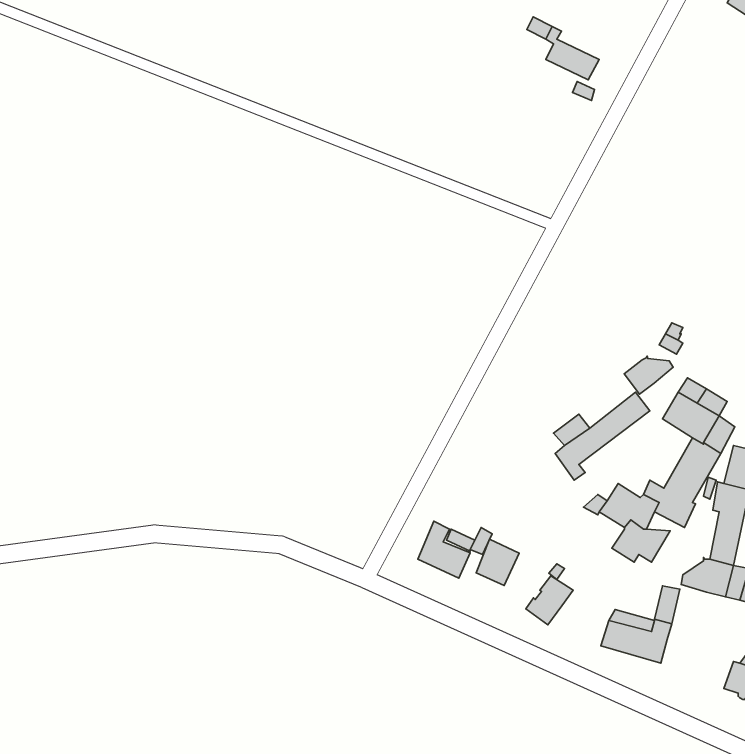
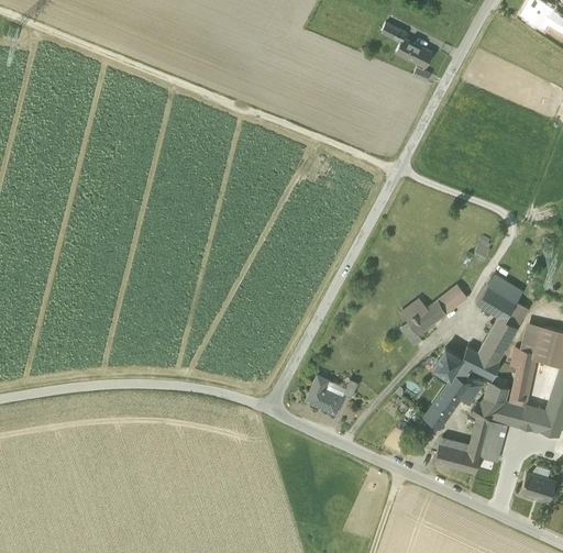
building: [624,356,673,394] -> none
building: none -> [472,381,509,420]
building: [476,539,519,586] -> none
building: [526,576,573,625] -> [424,394,457,428]
building: none -> [481,419,508,462]

